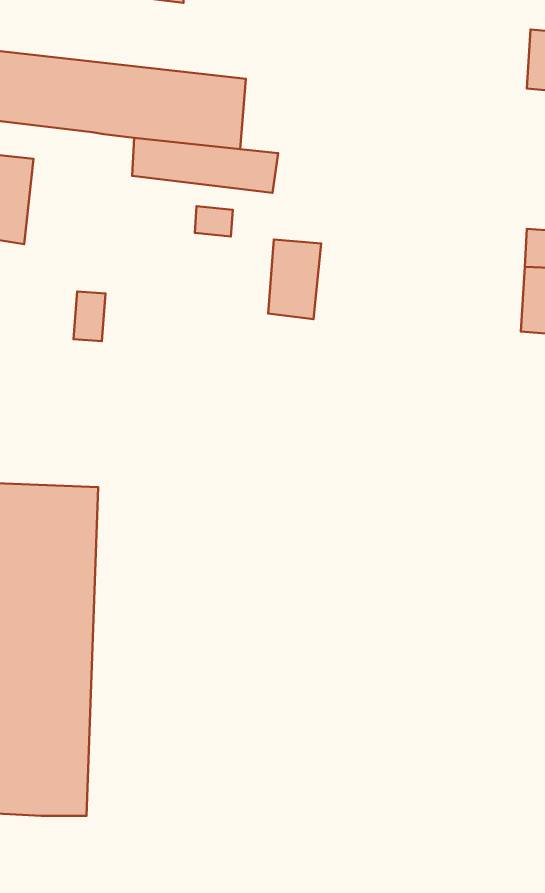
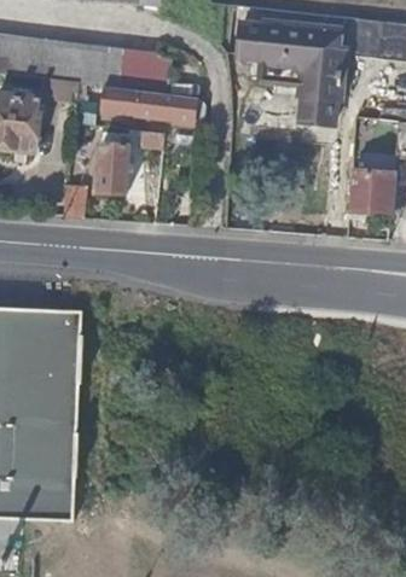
building: none -> [234,18,342,127]
building: [268,240,321,319] -> [99,146,133,197]

